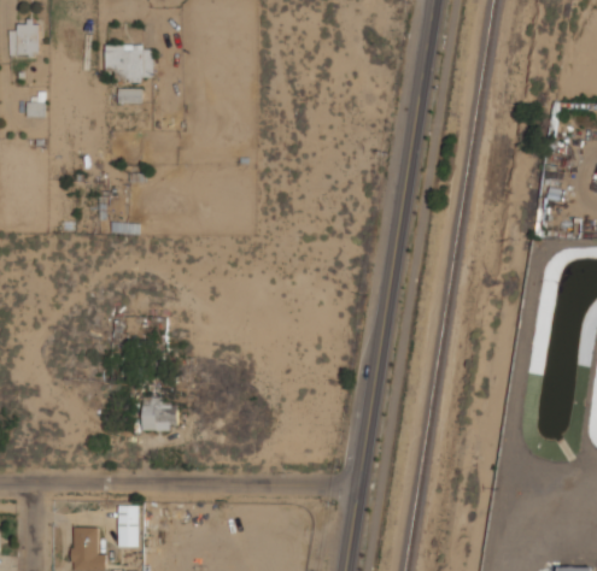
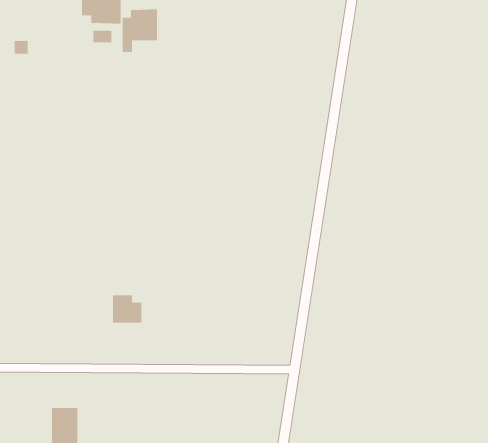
building: none -> [122,8,158,53]
building: [118,507,139,546] -> none

